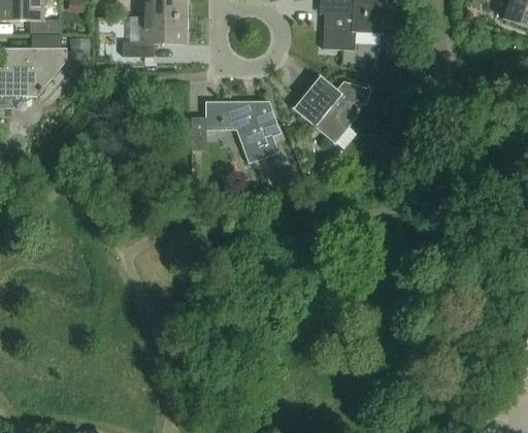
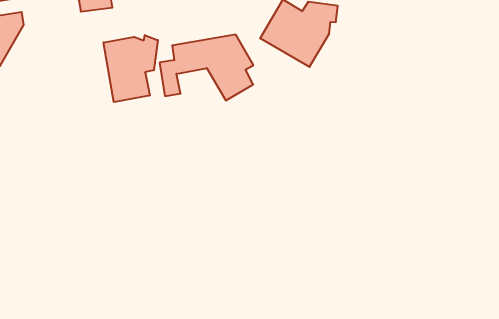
building: none -> [104,35,158,102]

